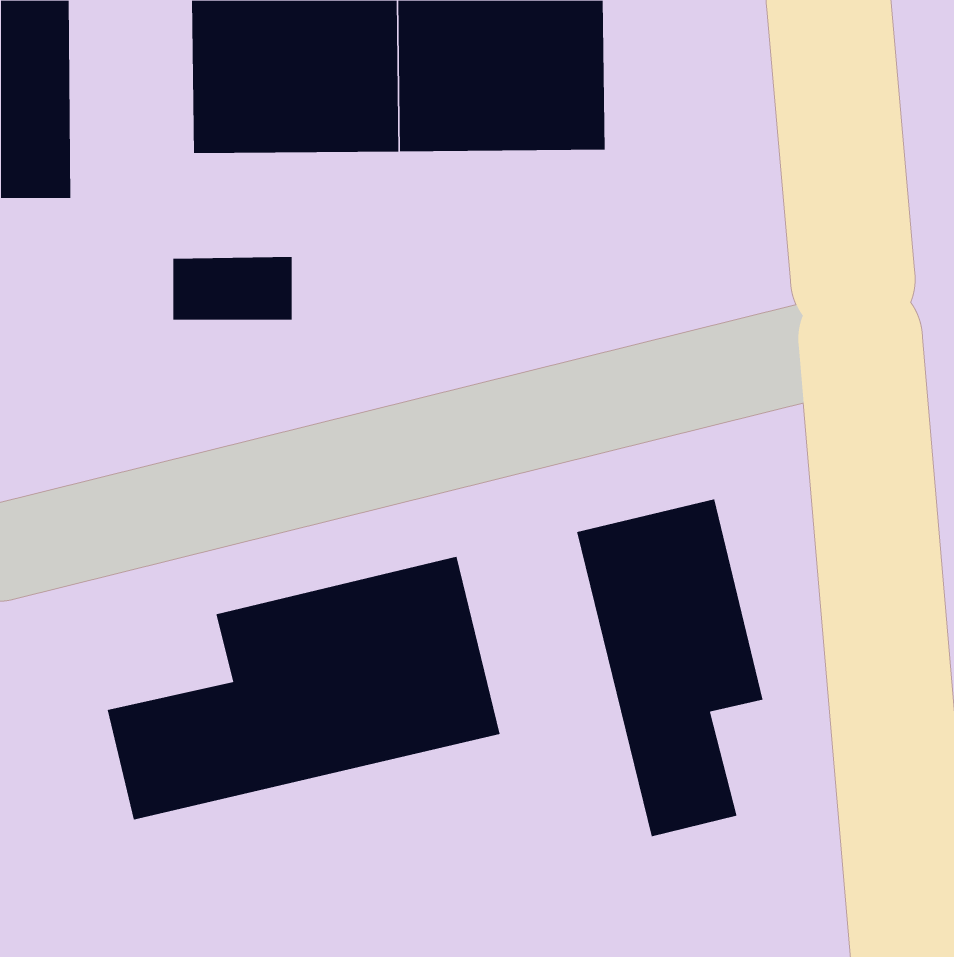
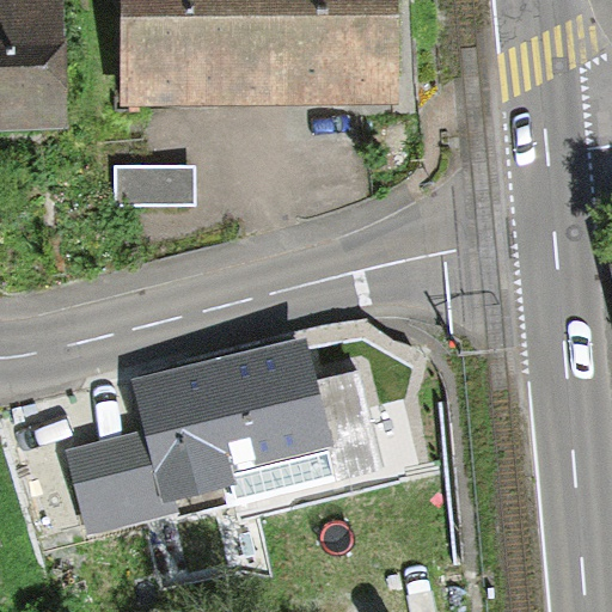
building: [576,499,763,837] -> none

